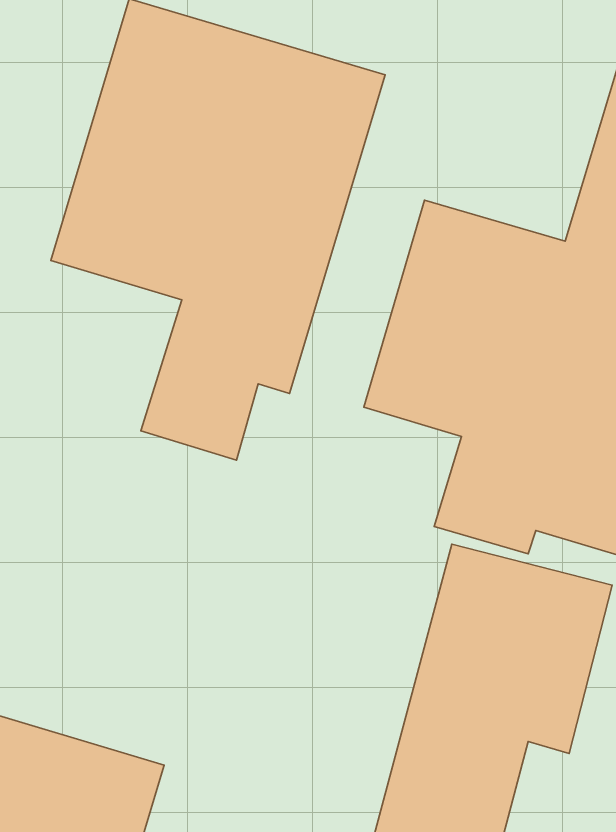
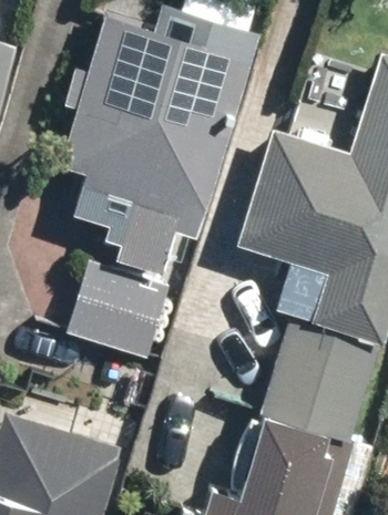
building: none -> [62,262,166,358]

